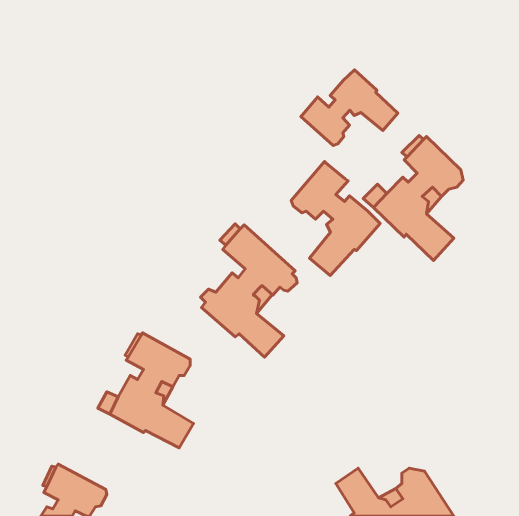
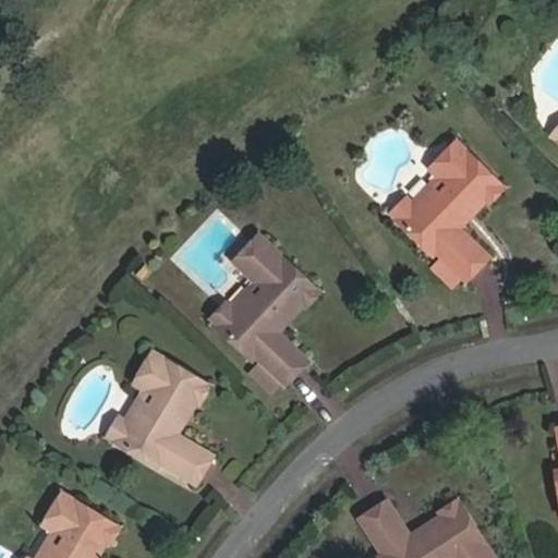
building: [301,70,398,146] -> none
building: [291,162,380,275] -> none

